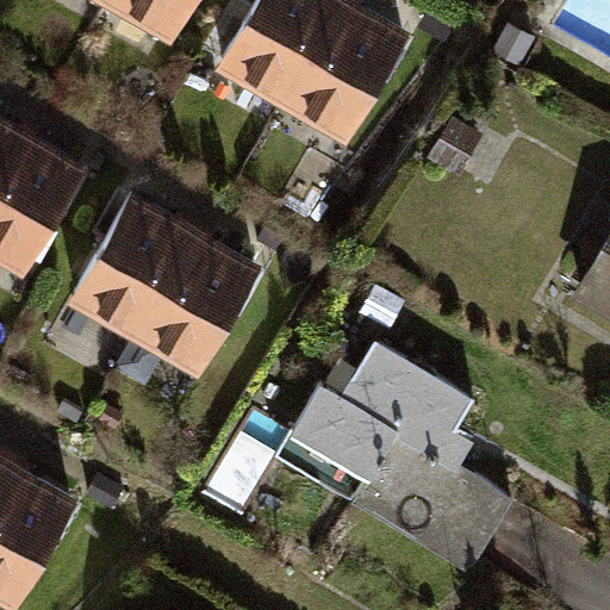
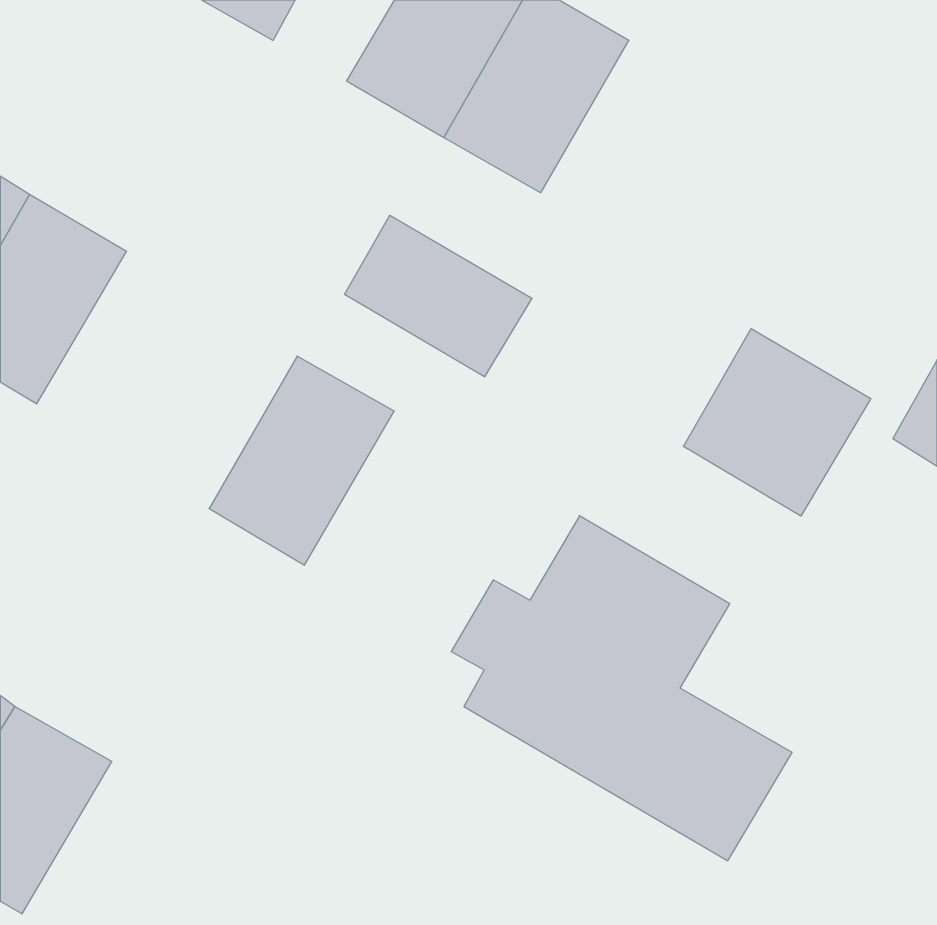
building: none -> [345,215,532,377]
building: [73,203,193,338] -> none
building: none -> [683,329,871,516]

